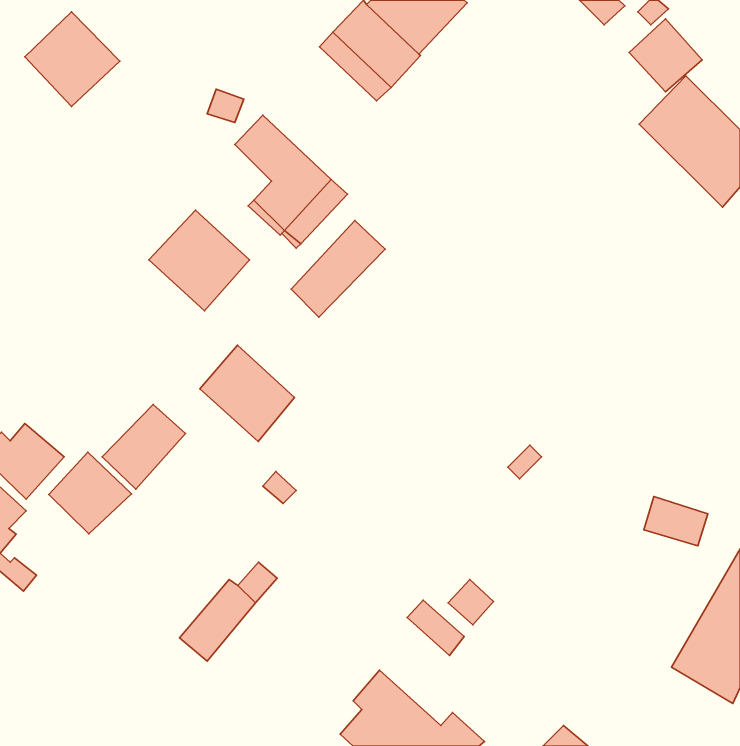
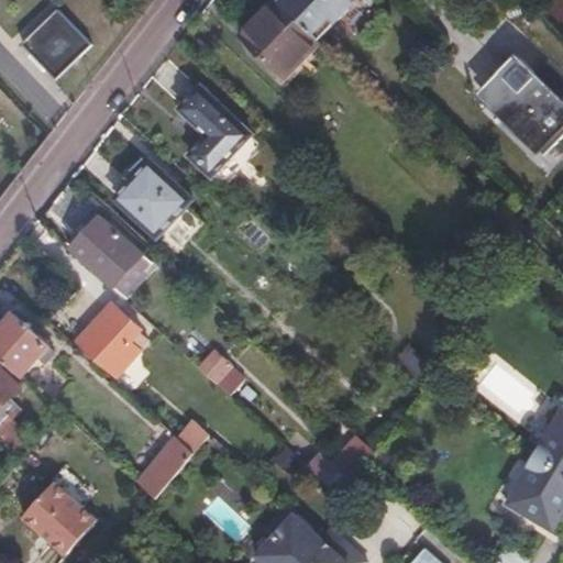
building: [291,221,385,317] -> none
building: [200,345,295,441] -> [69,212,141,285]
building: [49,452,131,534] -> none
building: none -> [20,482,93,553]

